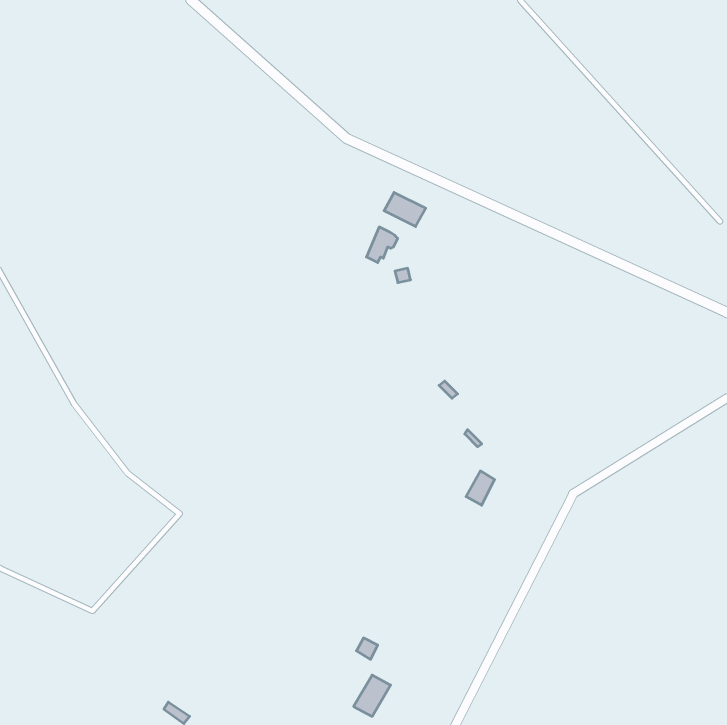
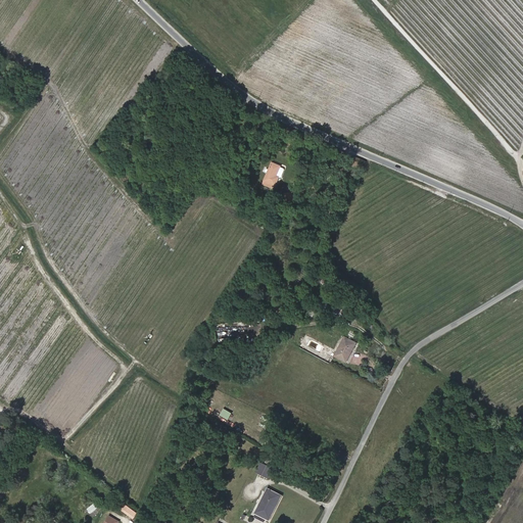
building: [384,192,426,227] -> none

